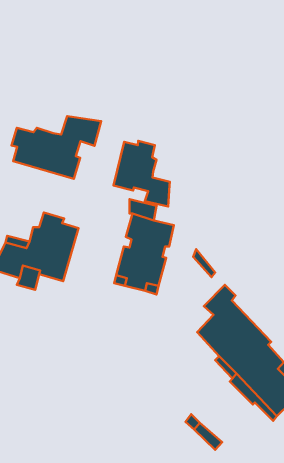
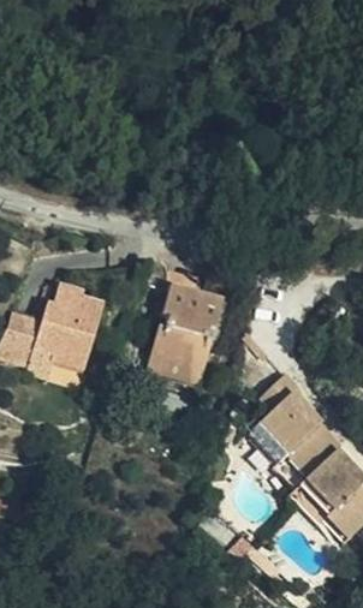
building: [12,116,101,179] -> none
building: [113,141,170,206] -> none

